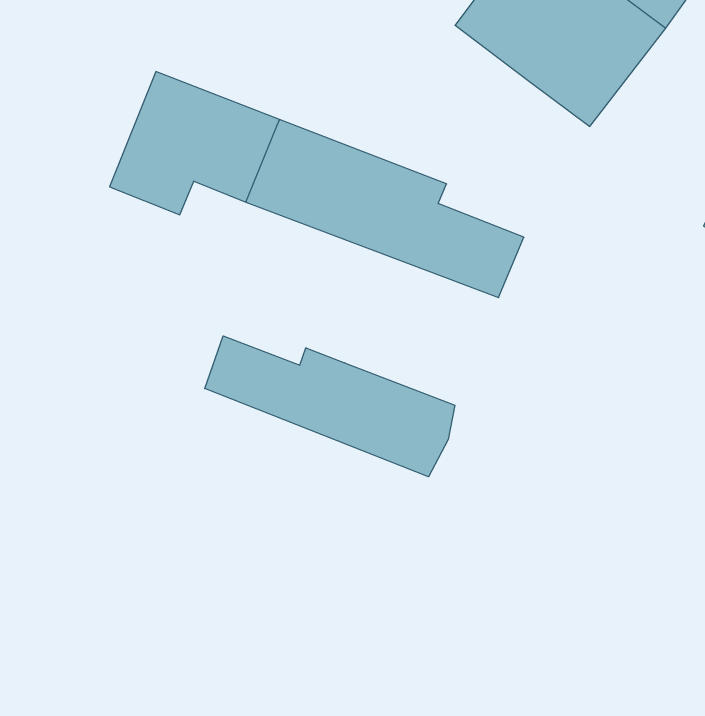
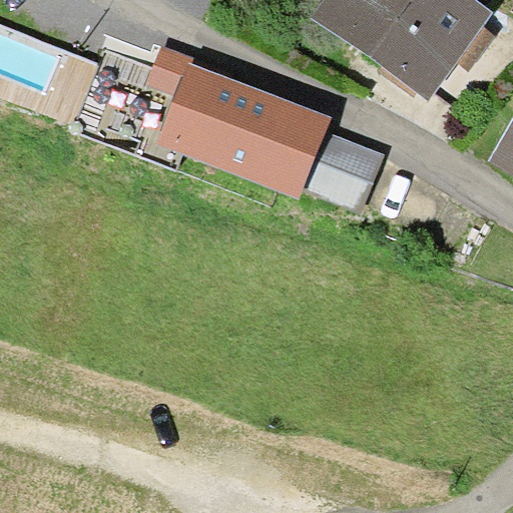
building: [205,336,455,477] -> none

